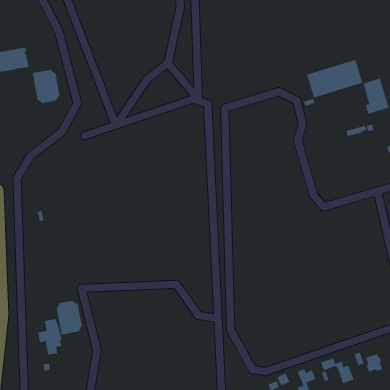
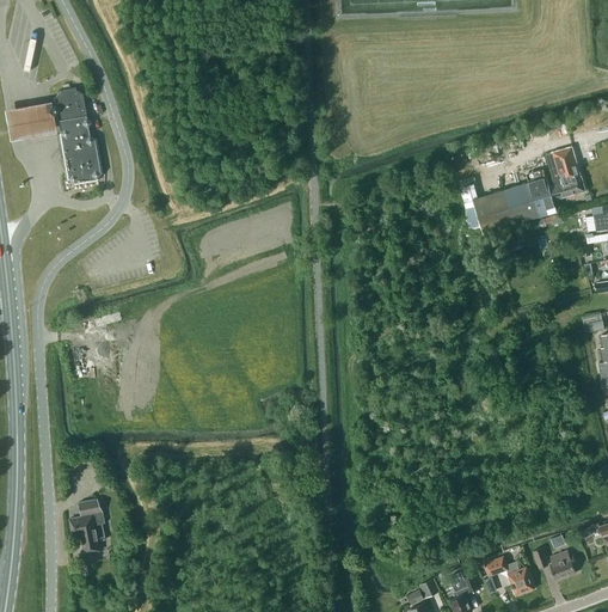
building: none -> [51,87,90,139]
building: [306,59,363,98] -> [473,176,557,233]
building: [56,300,83,336] -> none

